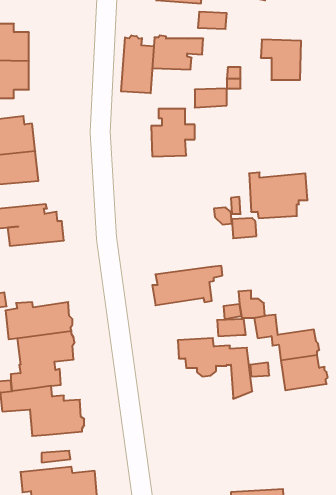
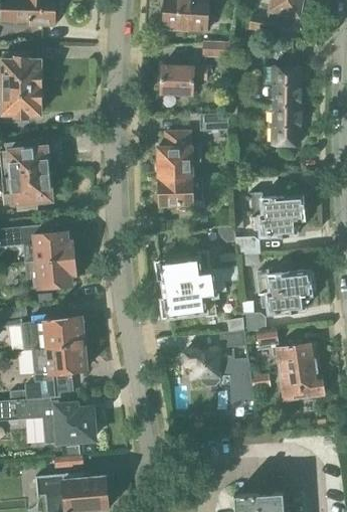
building: [121,35,154,93] -> none
building: none -> [273,106,300,145]
building: none -> [160,176,205,209]
building: none -> [155,251,239,290]
building: none -> [25,258,77,289]
building: none -> [257,270,314,314]

